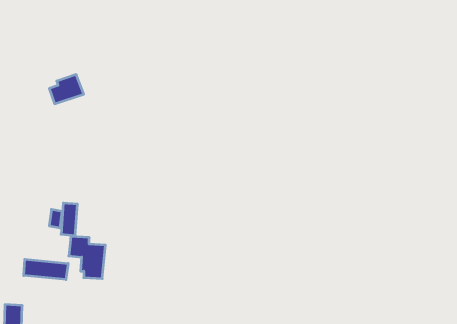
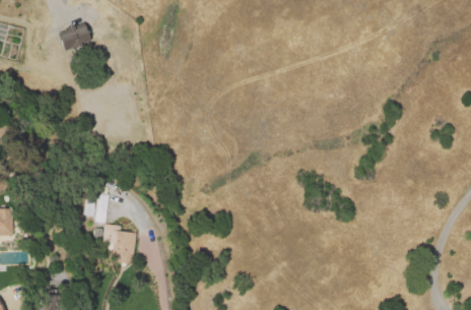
building: [49,75,84,104] -> [57,21,89,49]
building: [24,259,68,280] -> none

